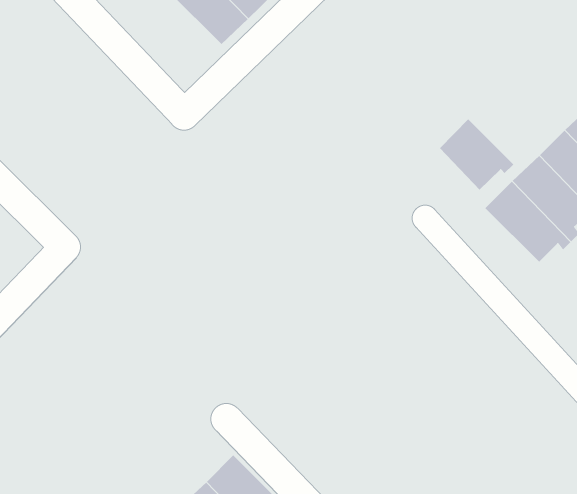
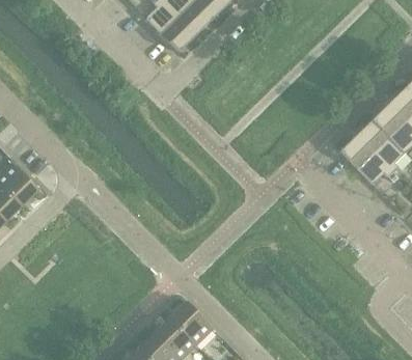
building: [439,119,514,190] -> none

